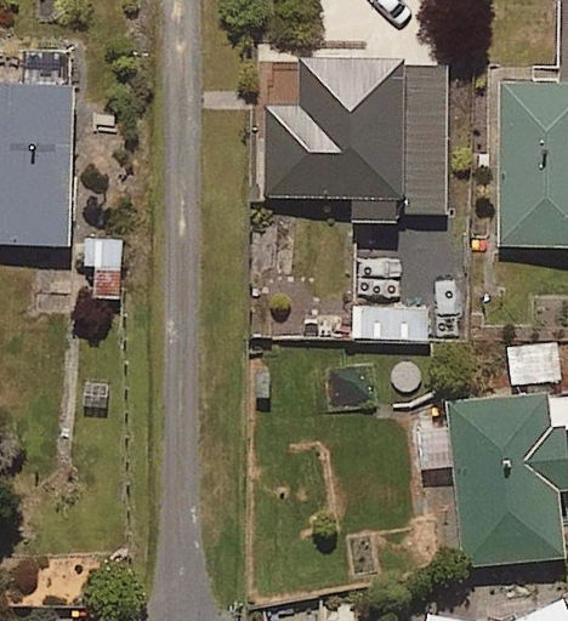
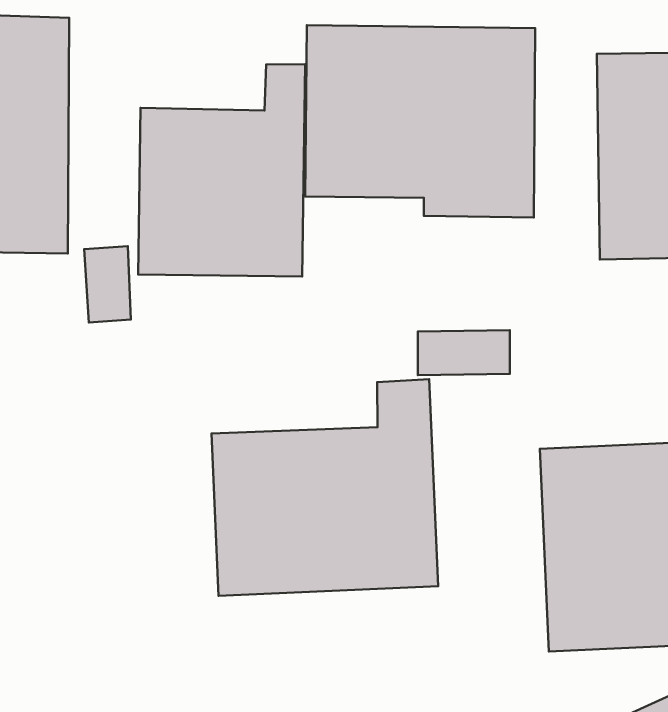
building: none -> [138,64,305,277]
building: none -> [211,379,438,596]

